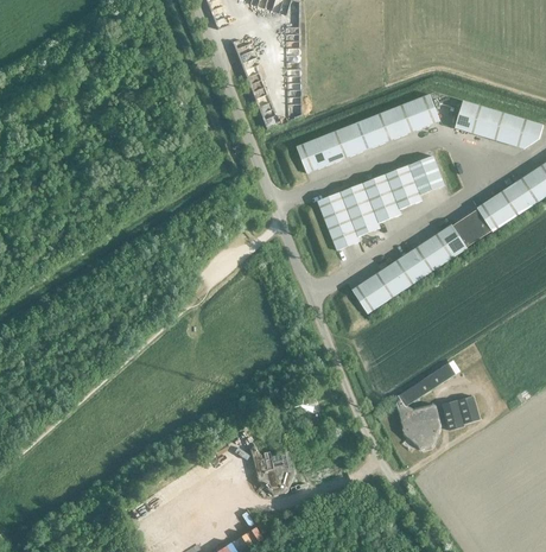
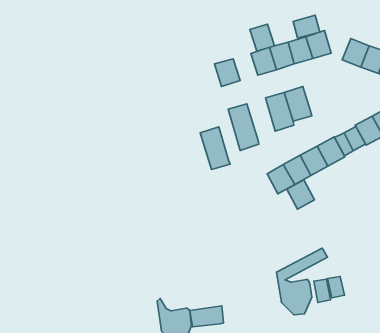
building: none -> [293,15,320,38]
building: [319,128,351,163] -> [250,24,275,51]
building: [408,154,445,193] -> none
building: [341,182,381,235] -> [200,127,230,169]
building: [353,275,388,312] -> [287,180,315,209]
building: none -> [190,306,224,327]

